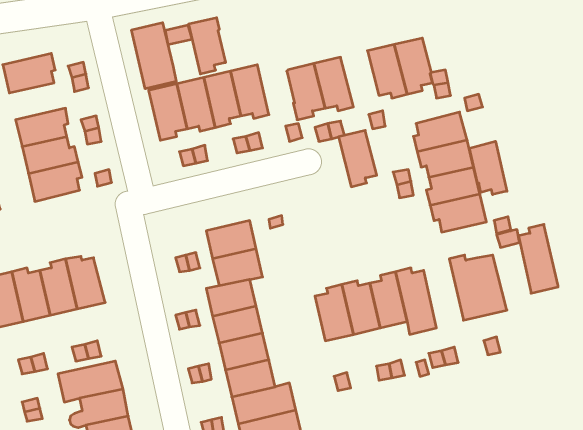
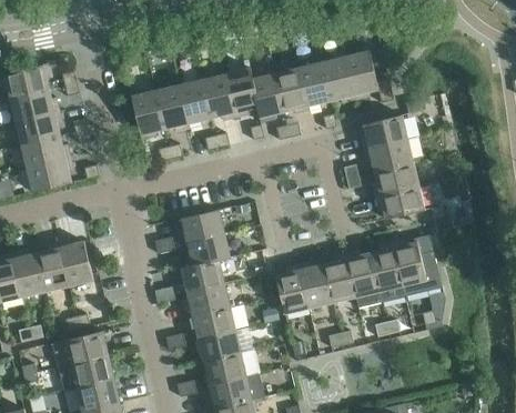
building: [189,18,226,74] -> [225,68,257,117]
building: [132,23,176,89] -> none
building: none -> [10,89,59,121]
building: [338,130,377,187] -> [297,61,331,110]
building: [469,141,507,195] -> none
building: [518,224,558,293] -> [370,242,404,302]

